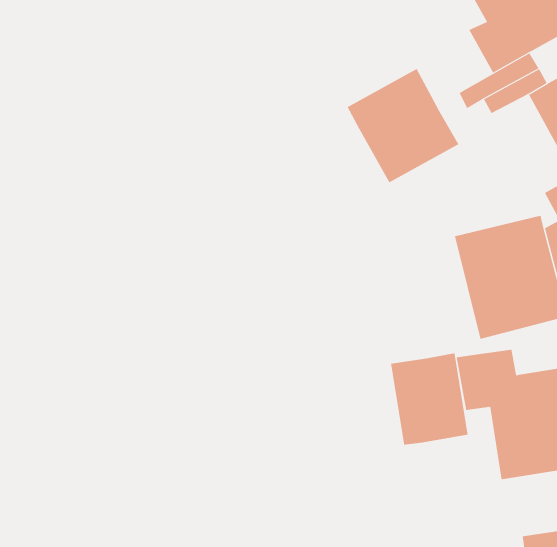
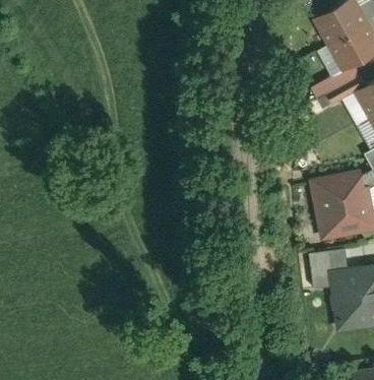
building: [347,68,459,183] -> none
building: [391,353,468,446] -> none

